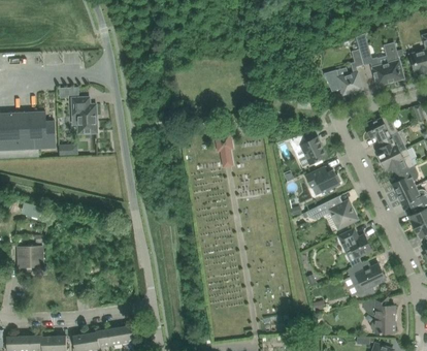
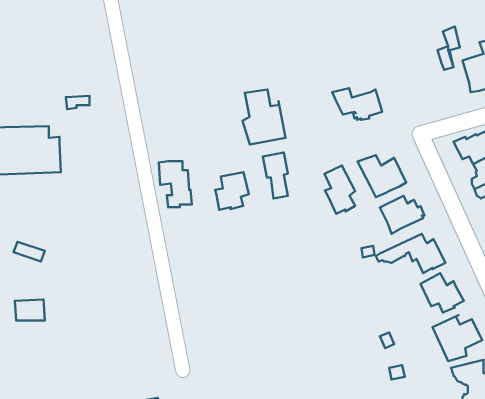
building: [323,70,362,95] -> [332,88,382,120]
building: none -> [243,90,286,145]
building: [71,97,97,133] -> [159,161,192,207]
building: none -> [325,166,355,214]
building: none -> [215,172,249,210]

